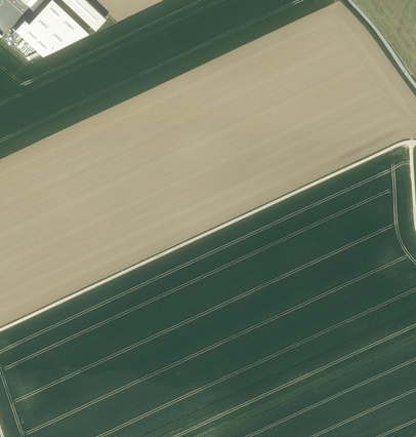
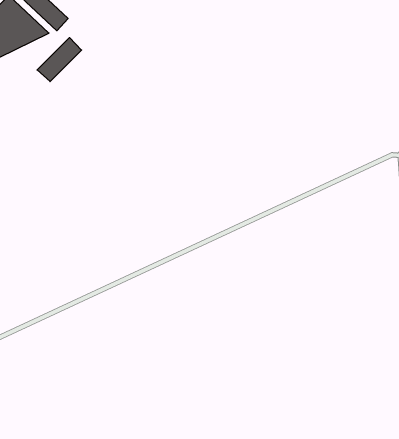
building: none -> [37,38,82,82]

